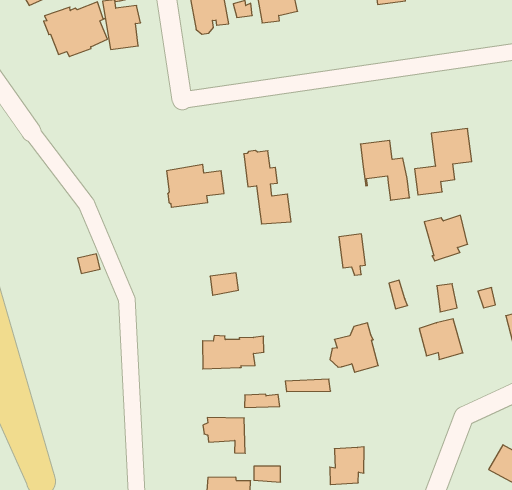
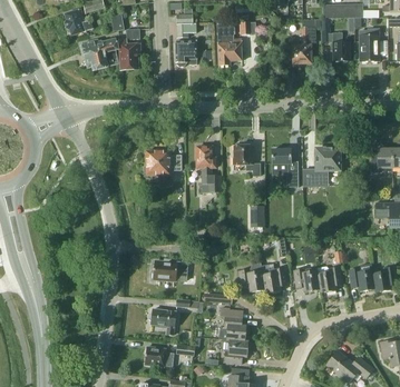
building: none -> [233,143,260,176]
building: [424,215,468,261] -> [315,266,341,292]
building: none -> [262,267,286,292]
building: none -> [218,307,245,340]

